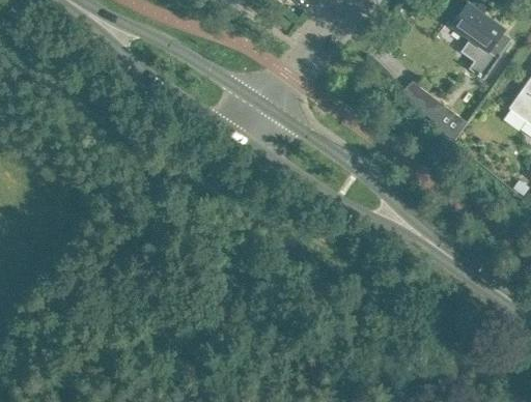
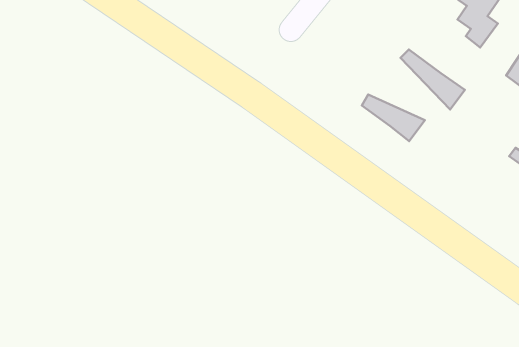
building: none -> [362,94,425,141]

